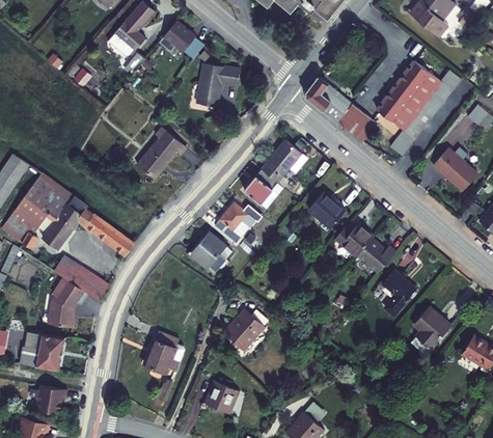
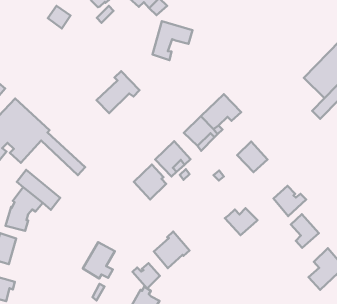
building: [306,77,378,143] -> none
building: [335,225,374,257] -> [225,208,257,235]
building: none -> [133,263,160,288]

